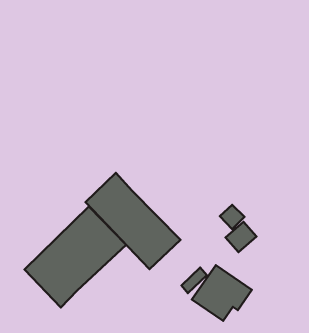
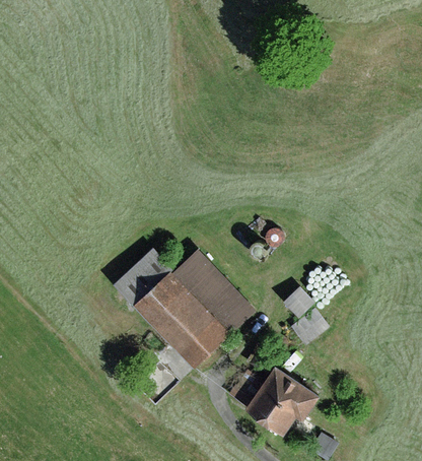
building: none -> [172,250,255,333]
building: [25,207,126,308] -> none

